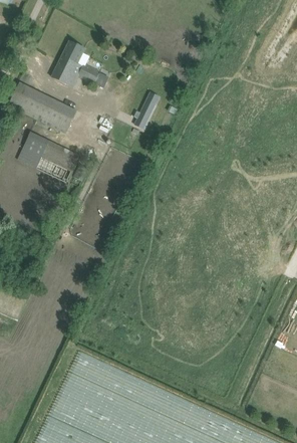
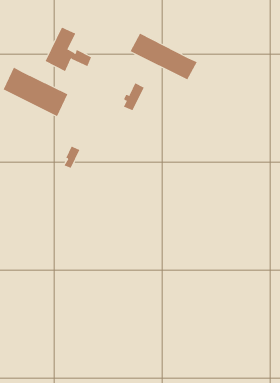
building: none -> [130,33,197,80]
building: [18,132,78,181] -> none

